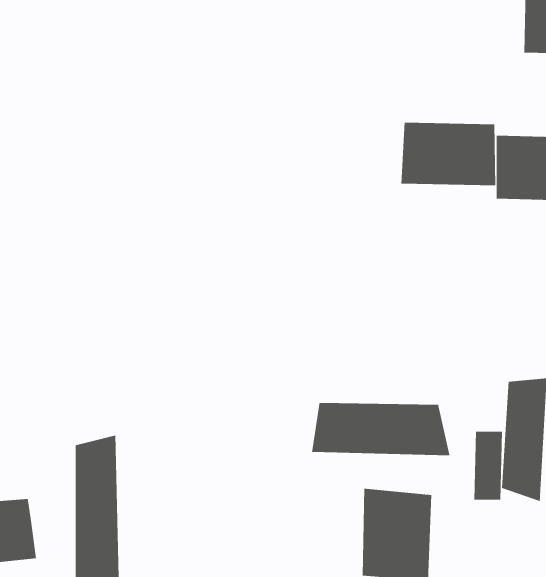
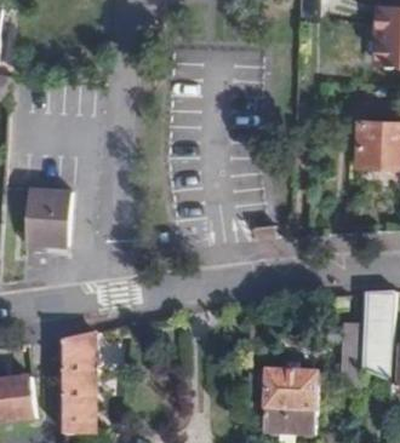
building: [401,122,496,186] -> none
building: none -> [27,188,69,246]
building: [312,402,450,456] -> none

